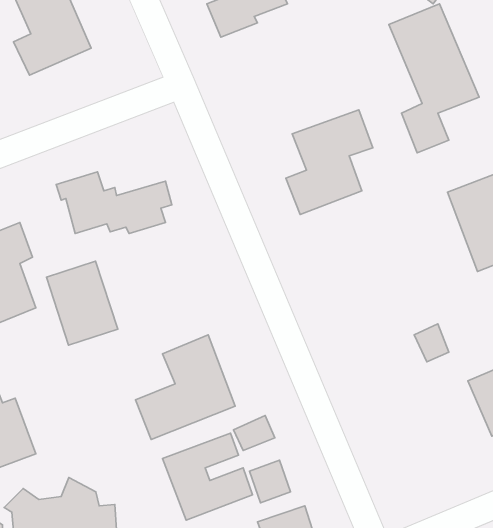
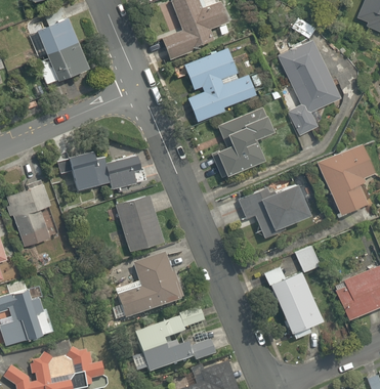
building: none -> [184,46,257,121]
building: none -> [238,183,308,240]
building: [46,261,118,345] -> [116,194,162,249]
building: none -> [264,258,322,330]

